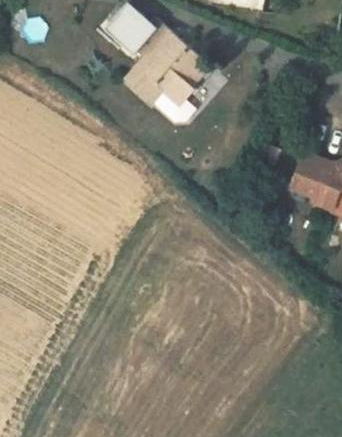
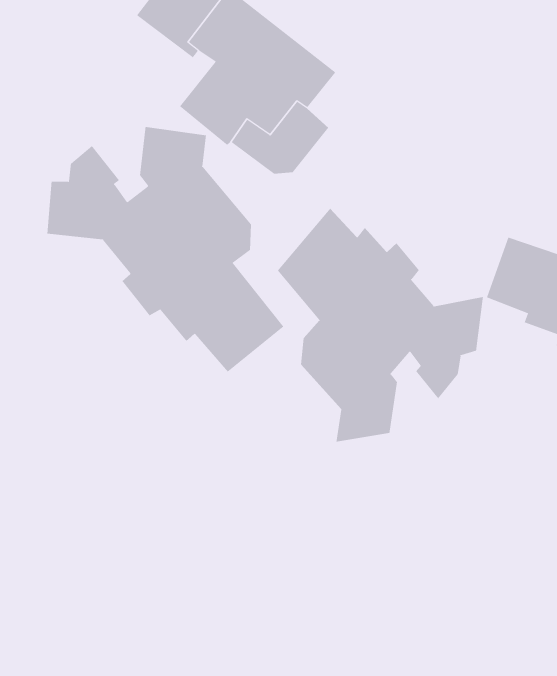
building: none -> [47,126,284,373]
building: none -> [277,208,483,442]

